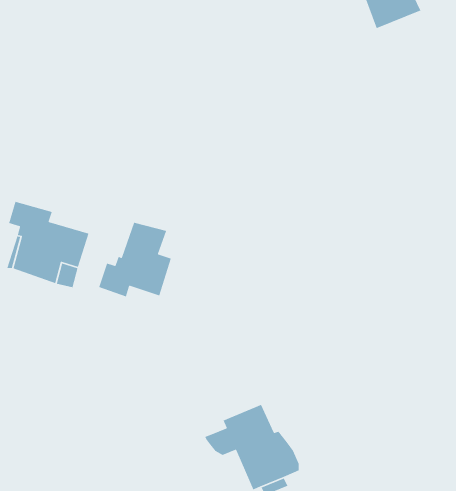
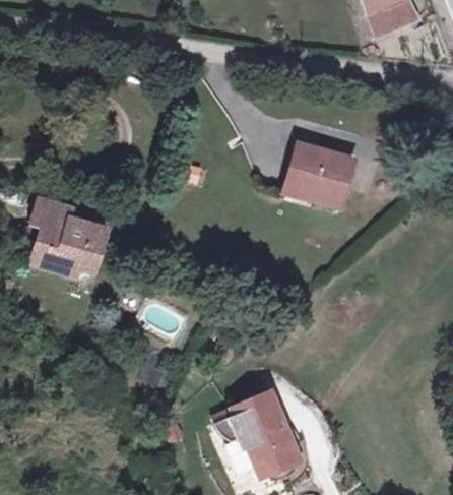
building: none -> [283,141,352,204]
building: [98,222,172,297] -> none

